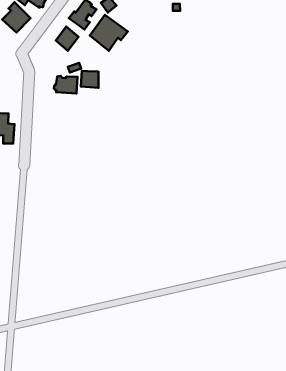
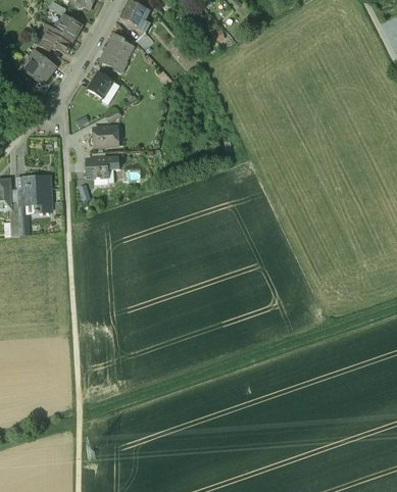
building: [90,15,128,51] -> none
building: [81,71,99,88] -> [87,158,108,178]

